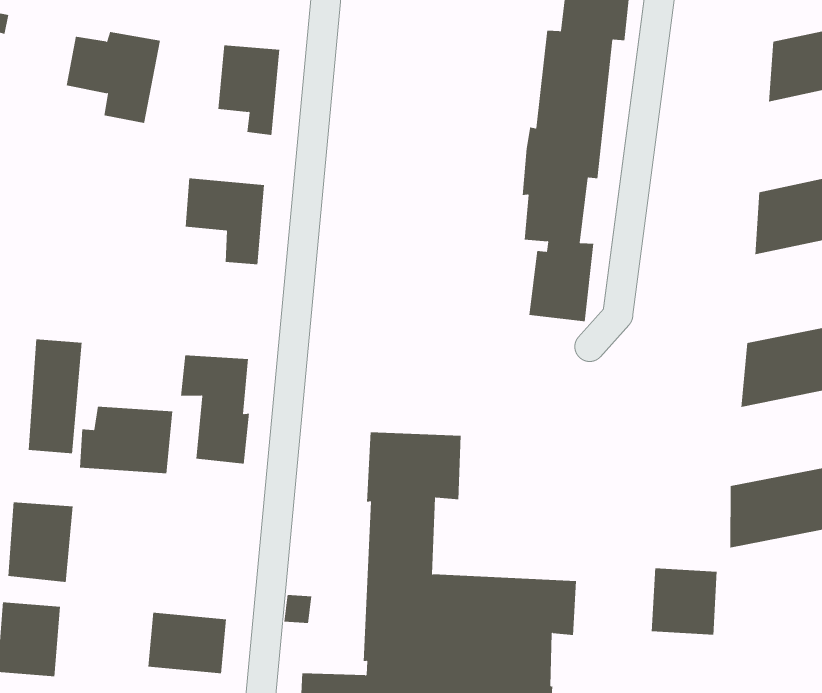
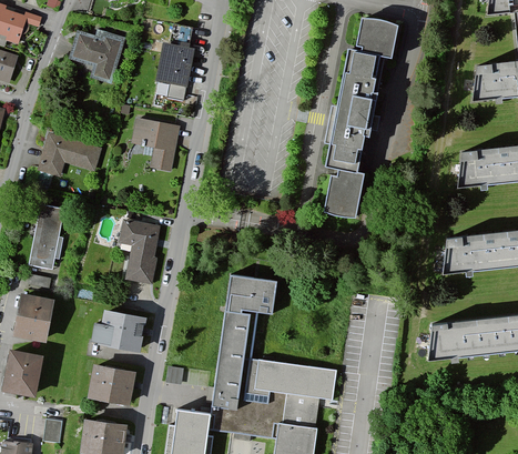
building: none -> [39,133,102,178]
building: [79,406,173,474] -> [90,312,146,354]
building: [651,567,717,636] -> none

